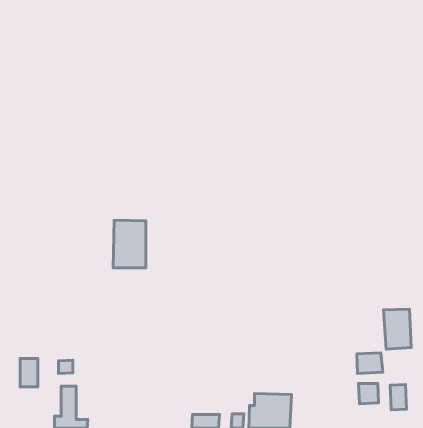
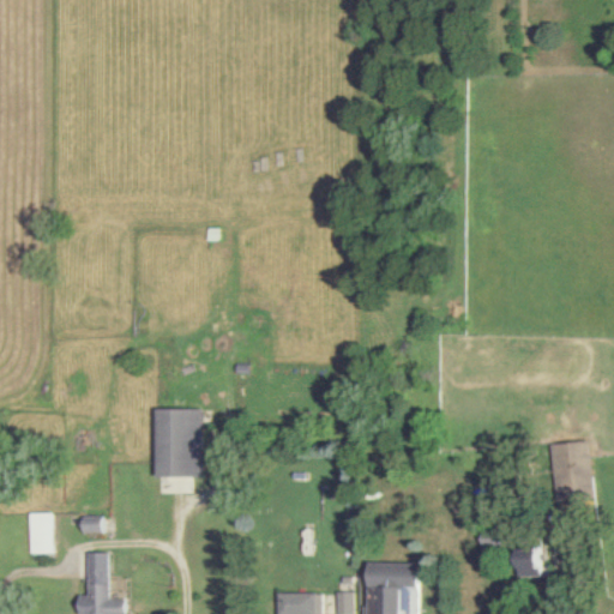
building: [113,220,146,268] -> [156,409,203,477]
building: [357,353,383,373] -> none
building: [390,385,406,410] -> none

